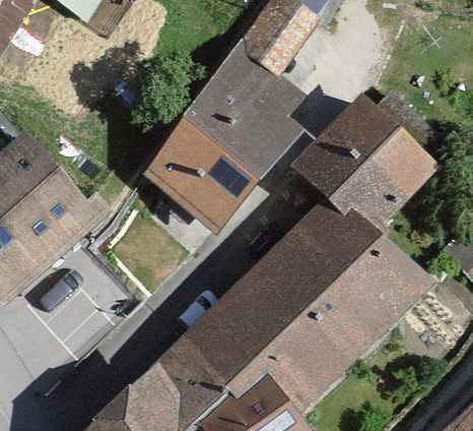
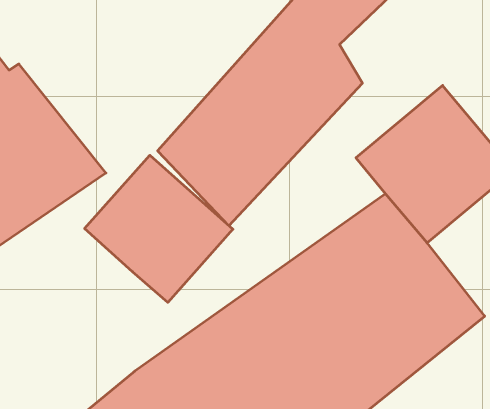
building: none -> [85,155,233,302]

